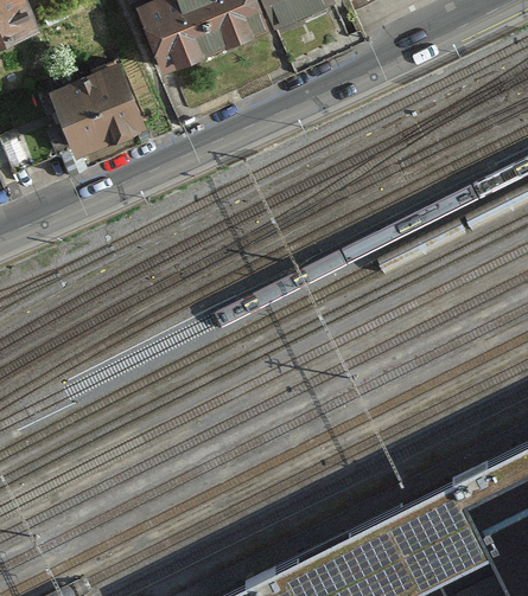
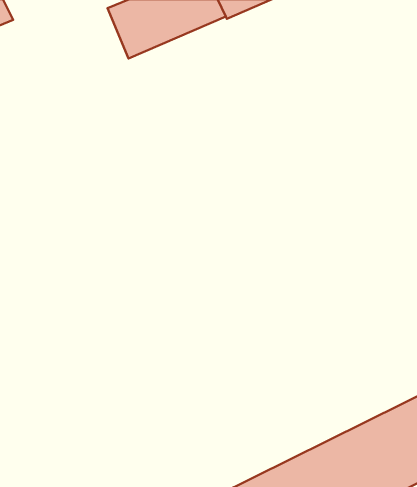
building: [55,70,147,158] -> none

